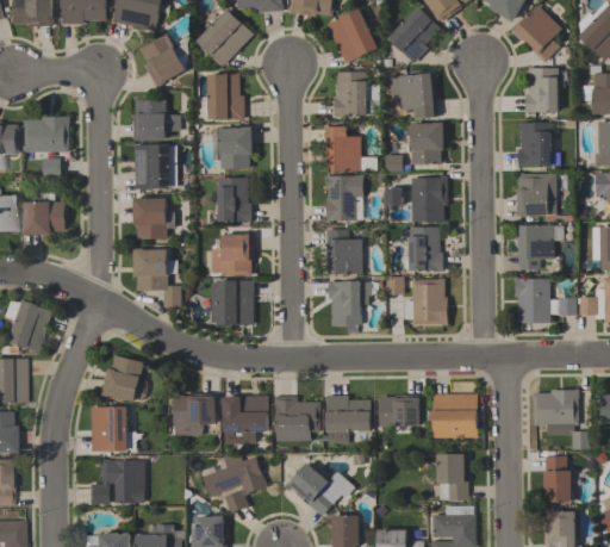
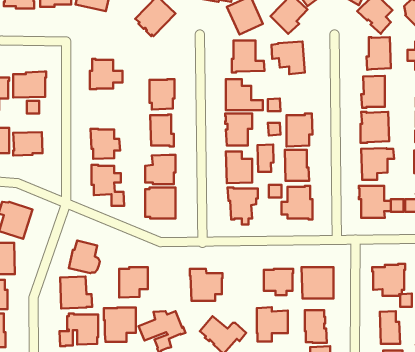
building: [138,33,188,88] -> none
building: [207,73,244,119] -> none
building: [411,122,444,163] -> none
building: [133,144,176,189] -> none
building: none -> [258,144,274,172]
building: [326,394,371,443] -> [257,307,288,342]
building: [223,396,268,445] -> [104,307,136,342]

